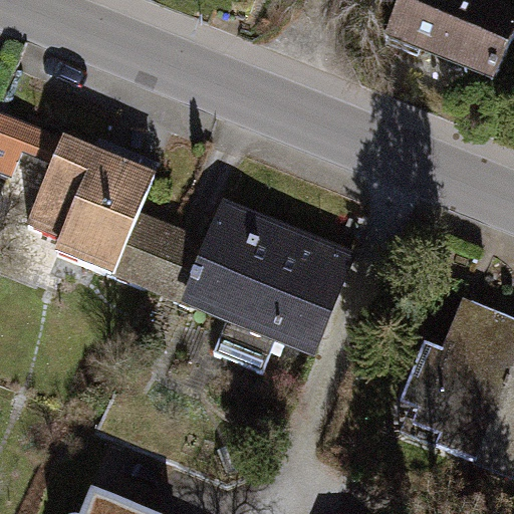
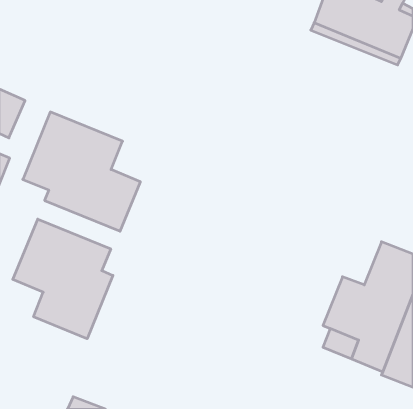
building: [149,204,350,368] -> none
building: none -> [13,219,113,339]

